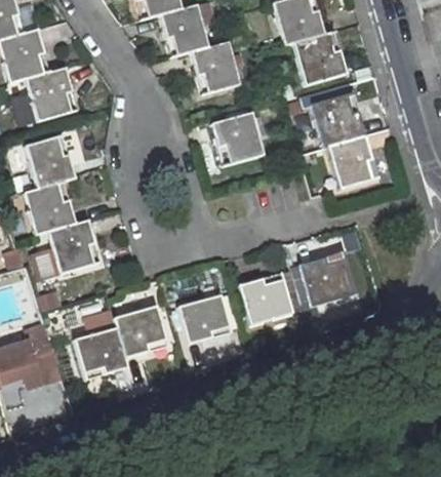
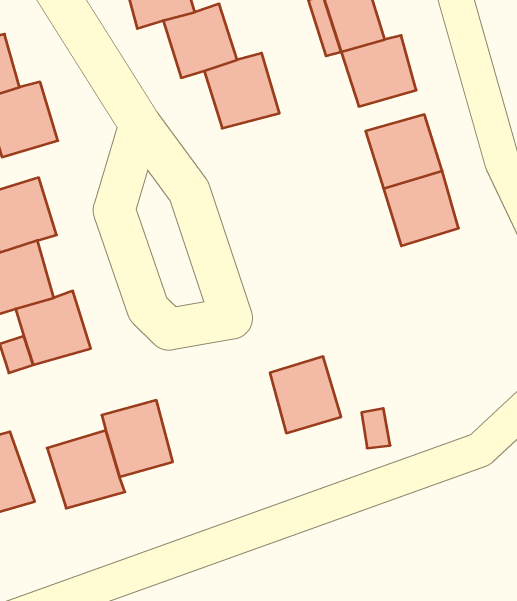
building: [207,114,264,170] -> none
building: [300,247,356,305] -> none
building: [179,291,232,347] -> none

